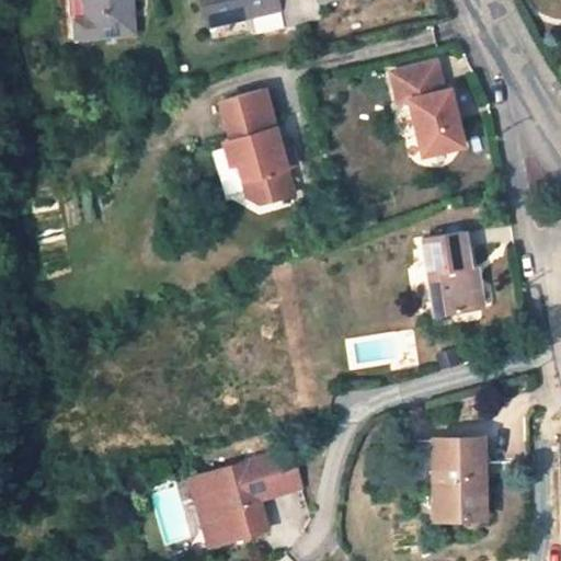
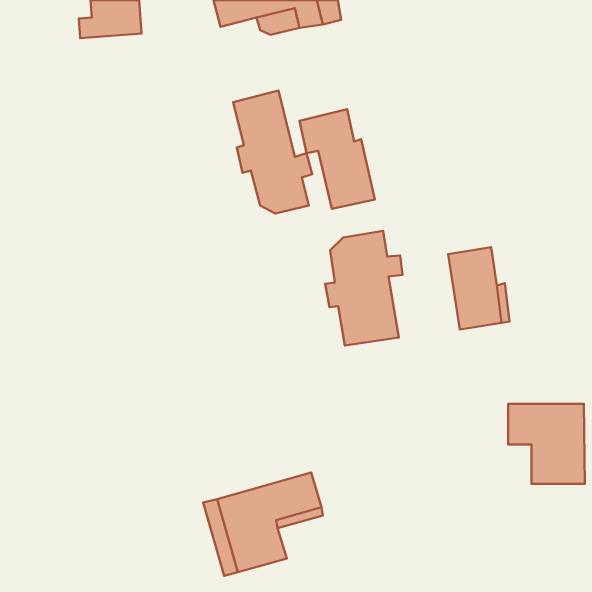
building: [393,62,465,157] -> [299,109,375,209]
building: none -> [325,231,403,346]
building: [412,439,484,515] -> [508,404,585,484]

